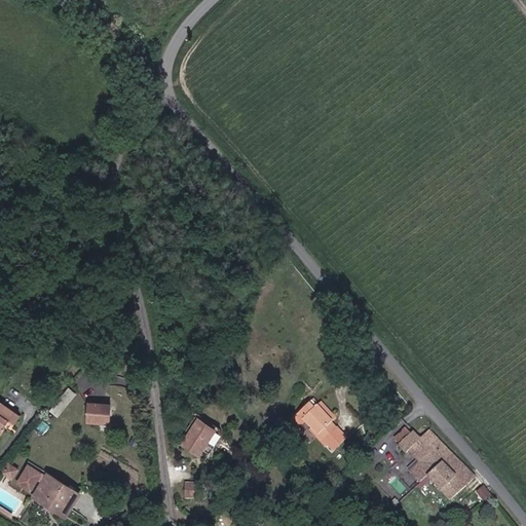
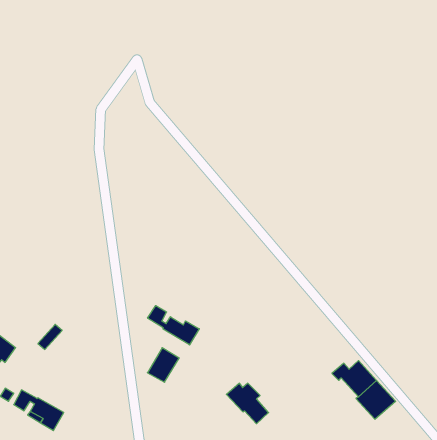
building: none -> [148,306,199,345]
building: [293,402,343,450] -> [226,383,269,424]
building: [85,403,108,423] -> none

